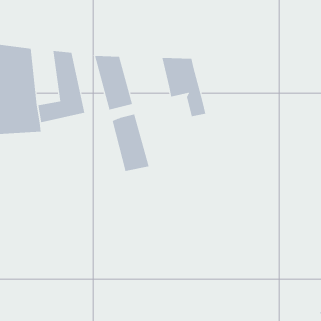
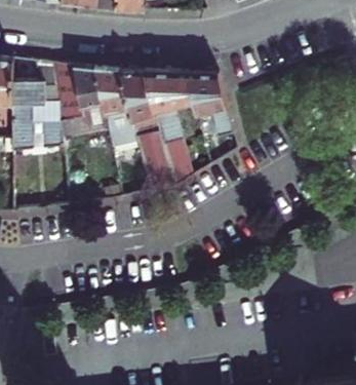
building: none -> [55,67,84,125]
building: none -> [97,71,136,139]
building: none -> [147,75,197,189]

